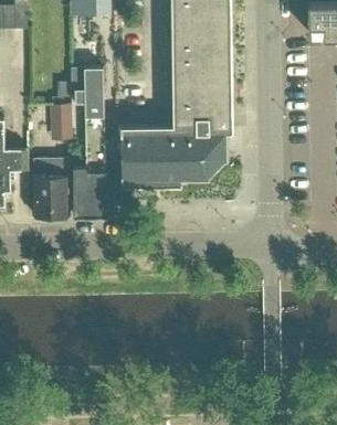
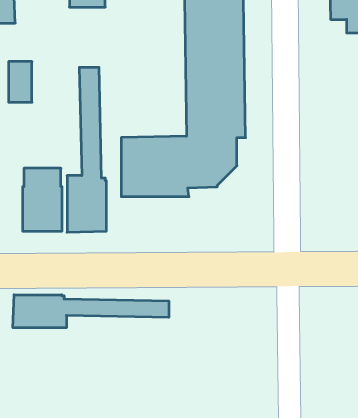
building: [50,104,71,140] -> [9,62,32,102]
building: none -> [13,295,169,328]

